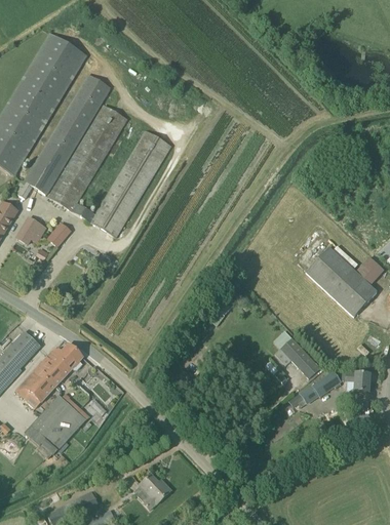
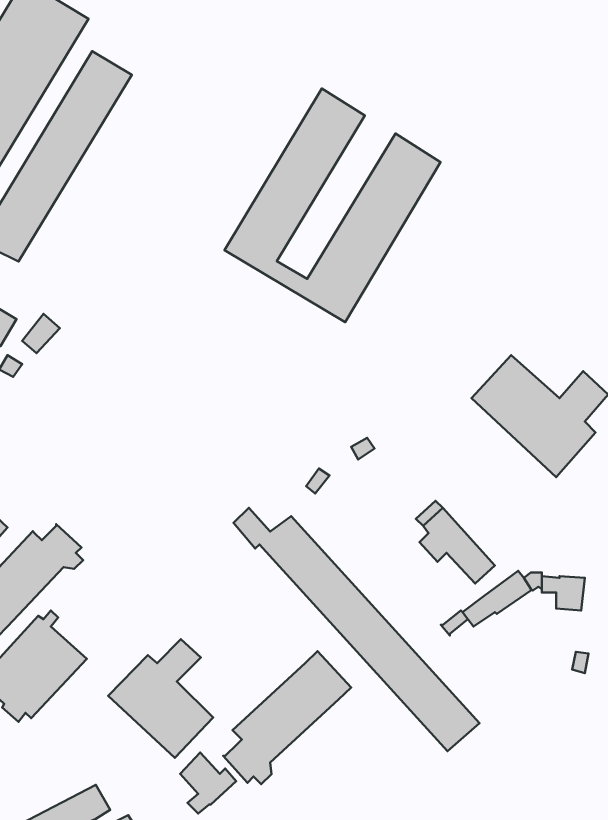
building: [48,104,171,237] -> [225,88,440,322]
building: none -> [233,508,479,751]
building: none -> [108,639,213,758]
building: none -> [223,651,351,784]

